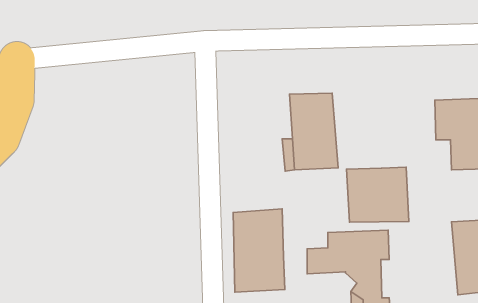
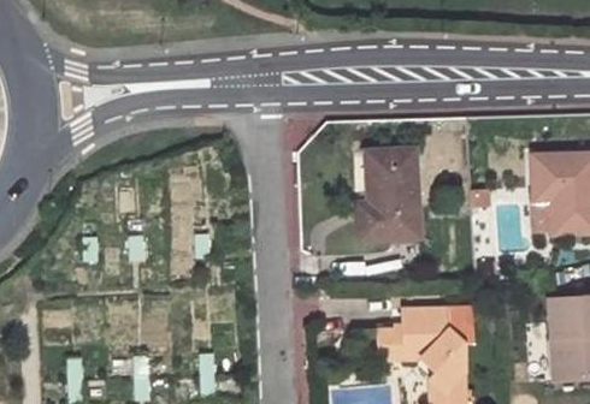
building: [346,167,409,222] -> none
building: [233,209,285,292] -> none

